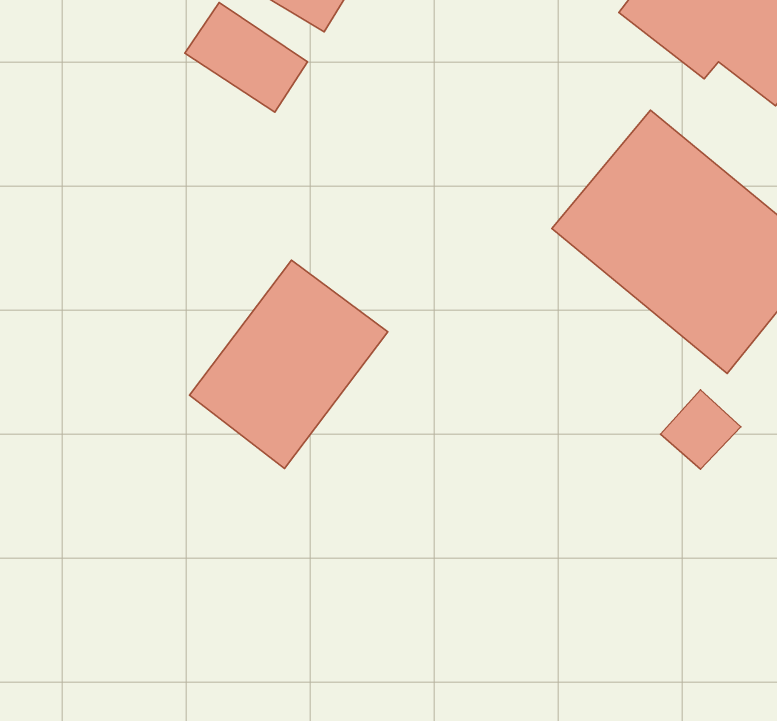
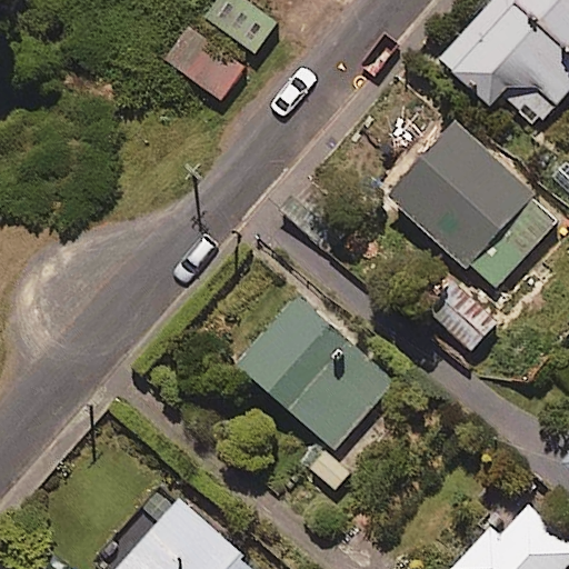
building: [190,260,388,469] -> none
building: none -> [237,297,393,451]

